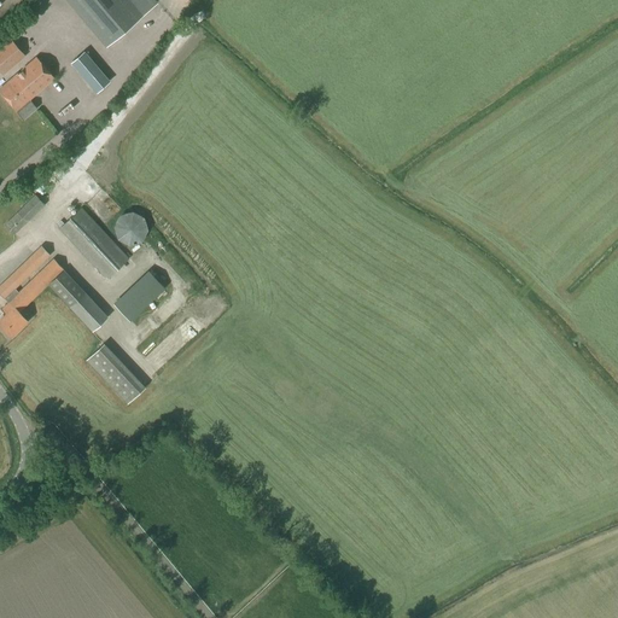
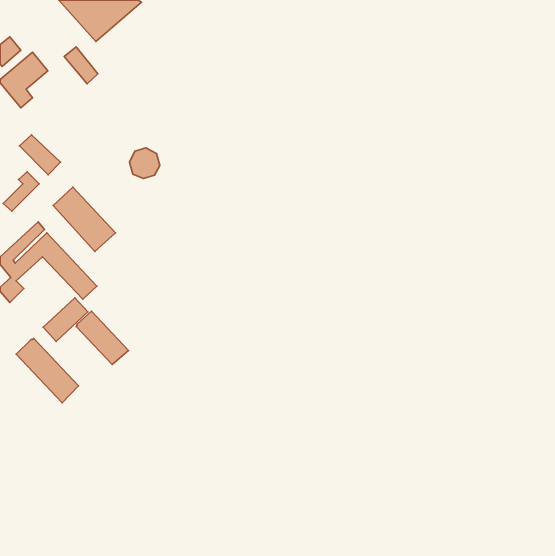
building: none -> [19,135,60,175]
building: [115,211,148,245] -> [129,148,160,178]
building: [115,272,164,320] -> [43,298,88,341]
building: none -> [16,339,79,403]

